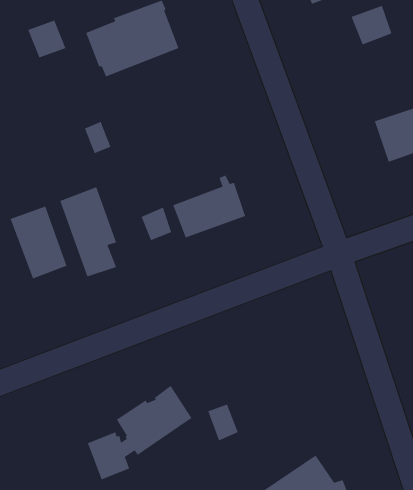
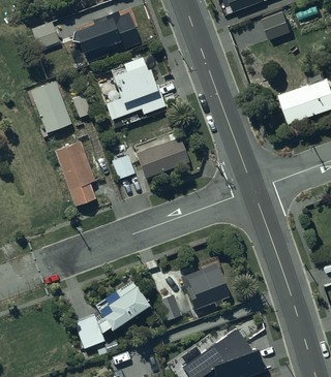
building: none -> [103,56,164,120]
building: [9,205,67,279] -> [28,81,69,133]
building: none -> [180,265,228,311]

